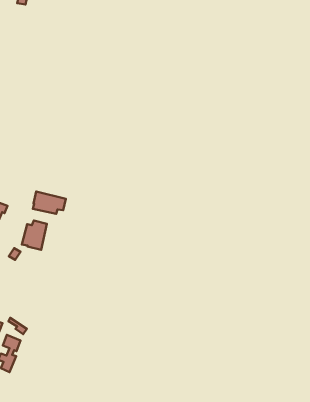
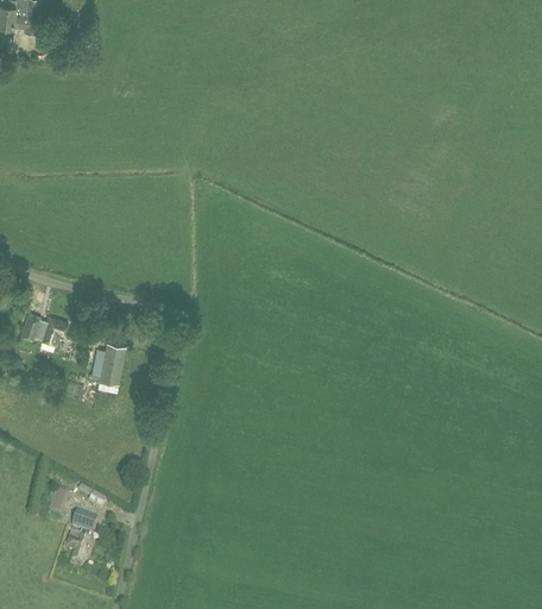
building: [33,191,66,214] -> none

